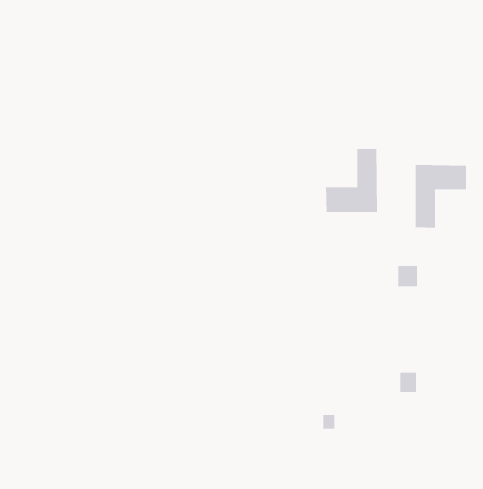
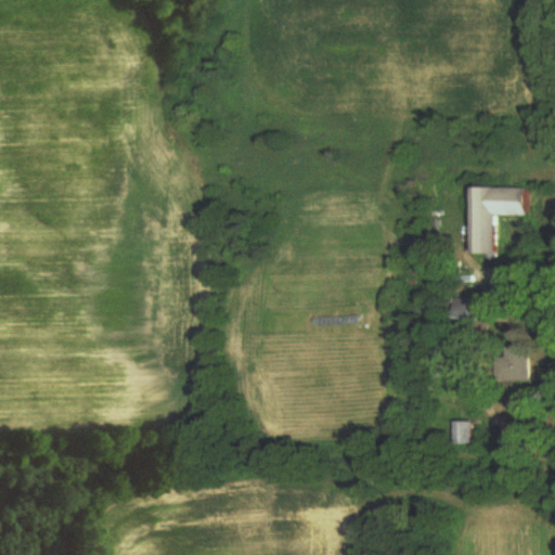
building: [325,148,378,213] -> none
building: none -> [498,345,528,382]

